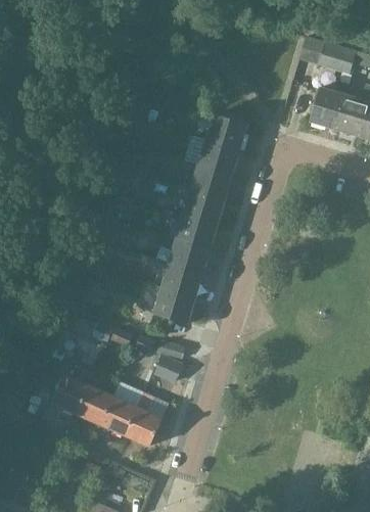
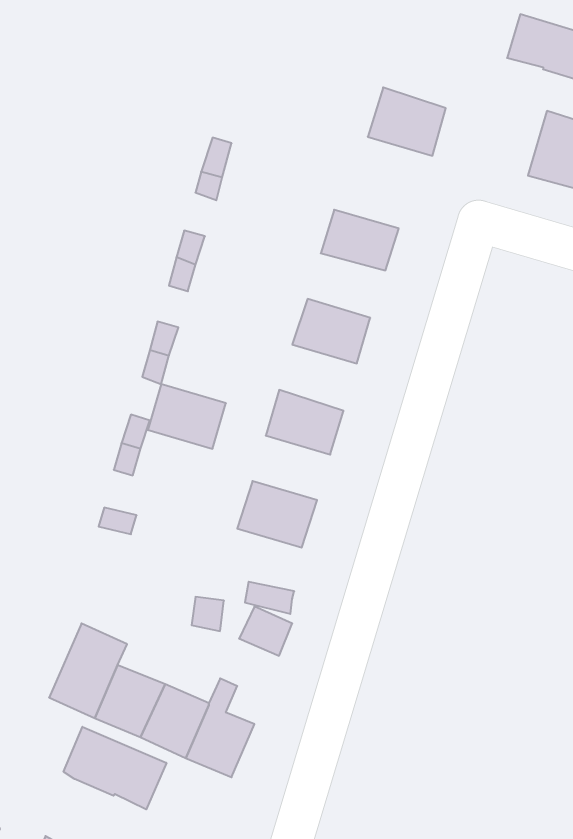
building: [204,114,246,151] -> [368,87,446,156]
building: [190,165,232,199] -> none
building: [175,214,217,249] -> none
building: [160,263,202,297] -> [148,384,226,449]
building: none -> [64,727,166,809]

